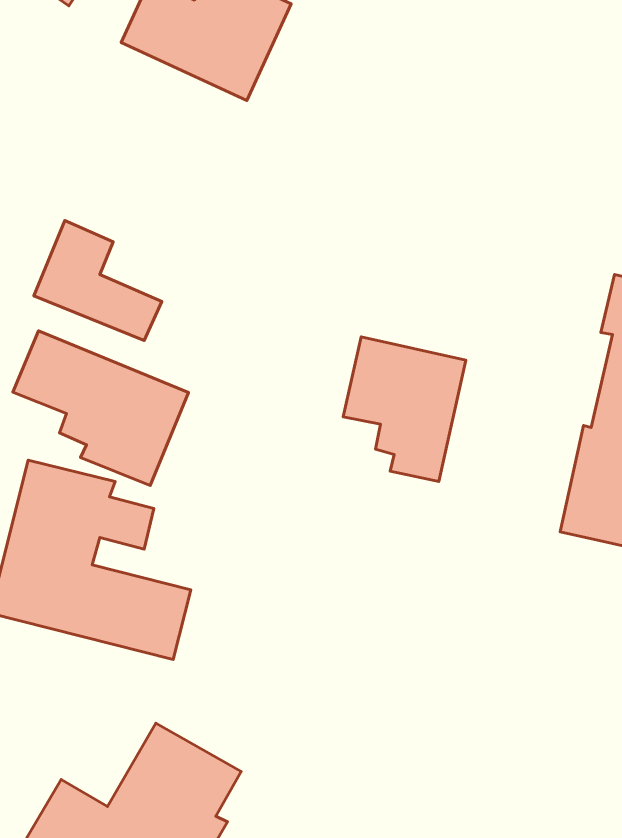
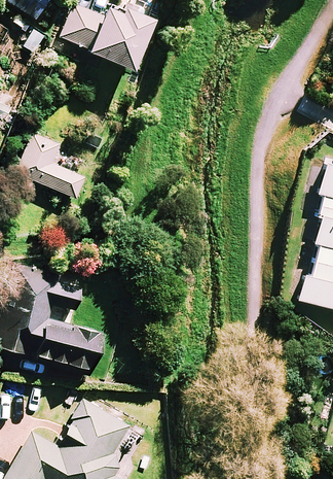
building: [13,331,189,486] -> none
building: [343,337,466,482] -> none

